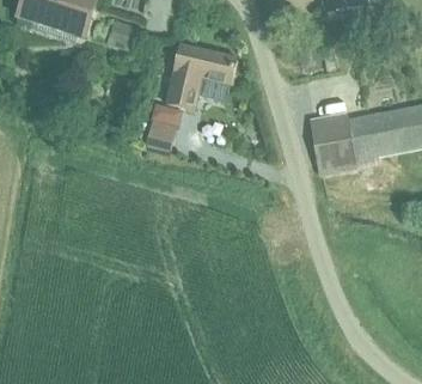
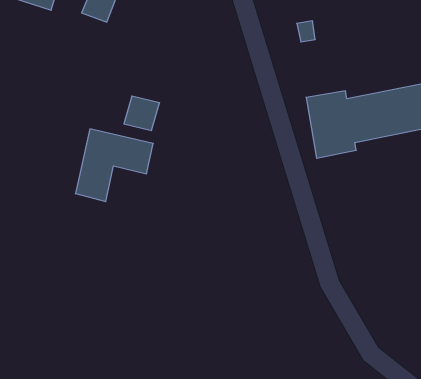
building: [166,43,237,109] -> [75,129,153,202]

